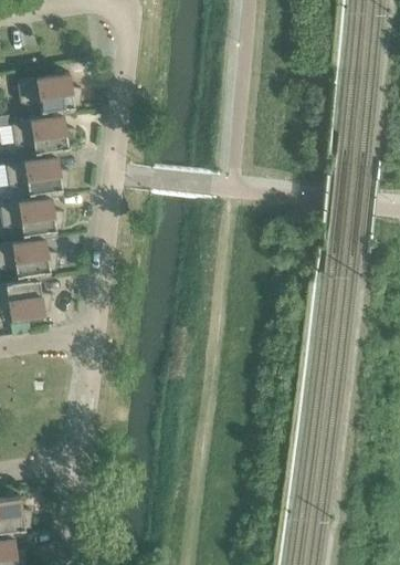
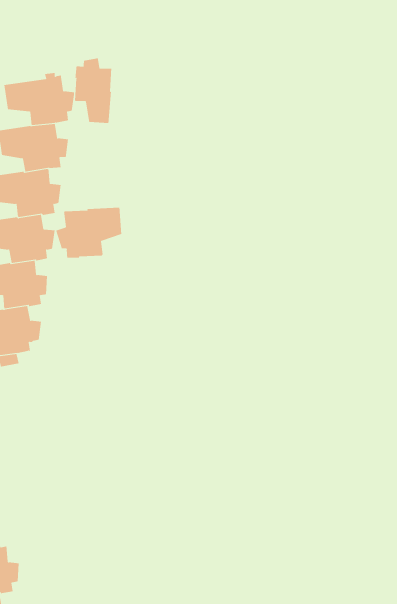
building: none -> [75,58,112,124]
building: none -> [55,207,122,258]

